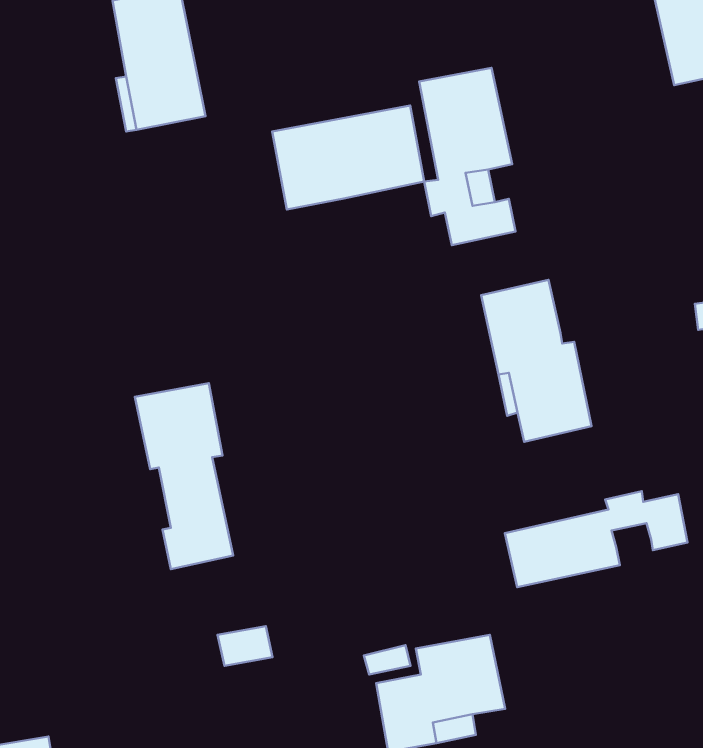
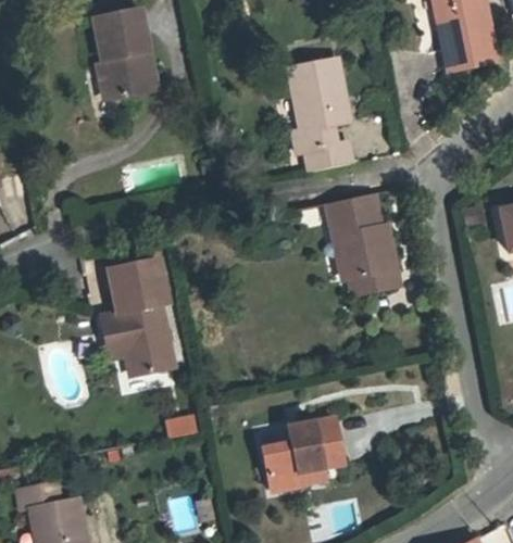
building: [272,105,424,210] -> none
building: none -> [102,312,134,354]
building: [505,491,688,587] -> none

